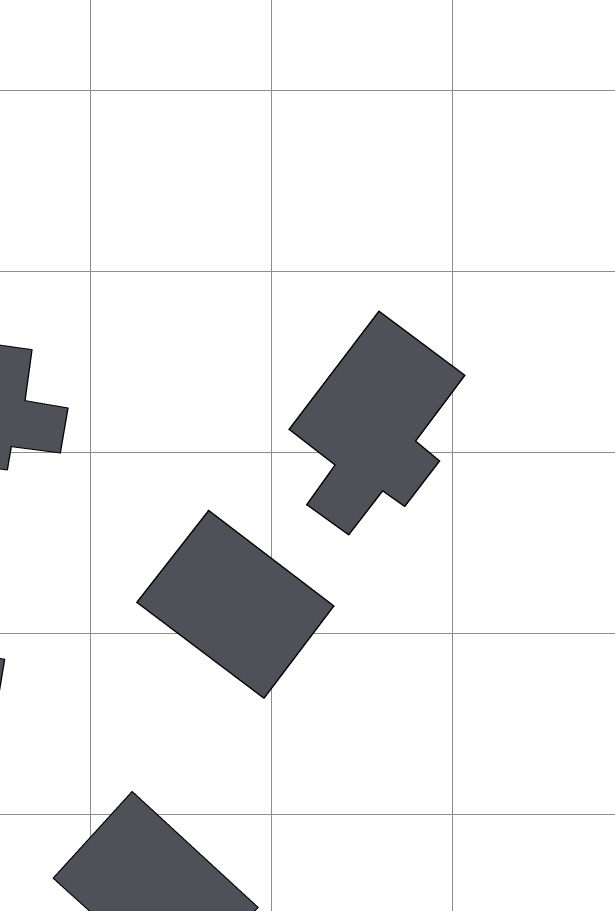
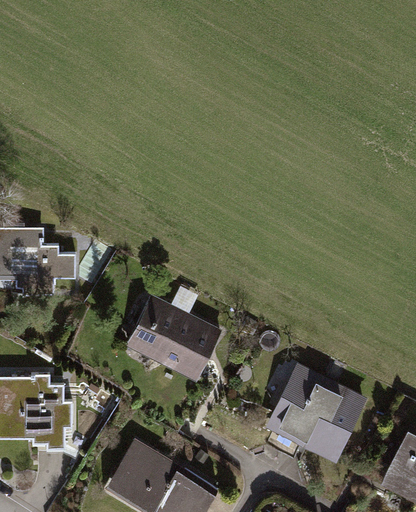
building: [289,311,465,535] -> none
building: none -> [262,370,368,461]

